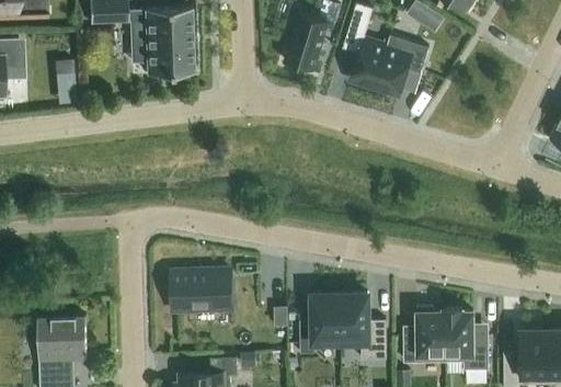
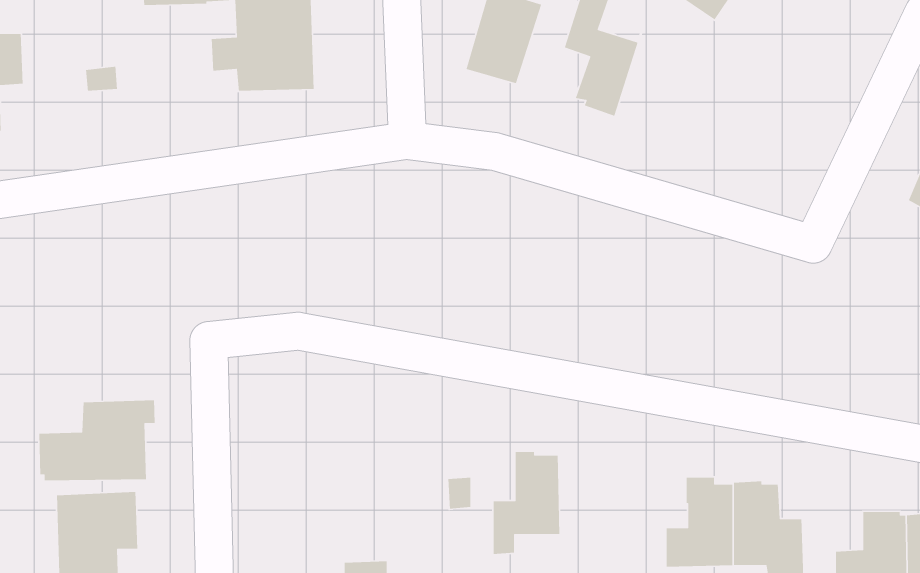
building: [374,35,428,95] -> none
building: none -> [38,400,155,481]
building: [172,270,231,311] -> none
building: [340,291,387,360] -> none

